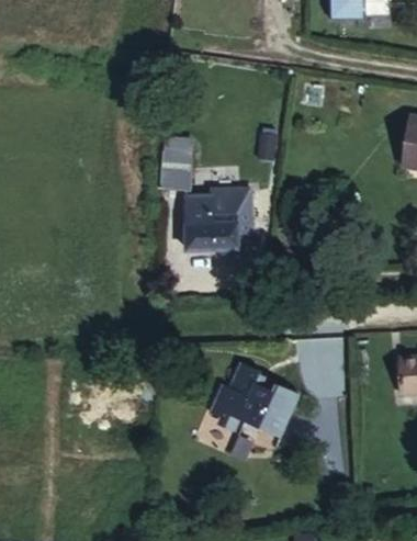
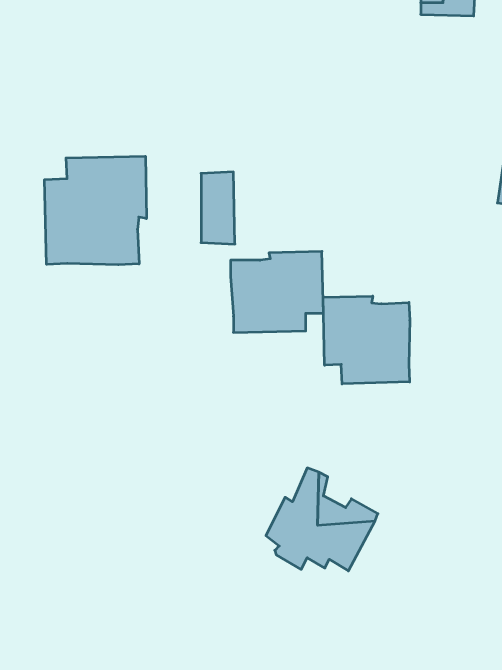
building: none -> [45,156,146,265]
building: none -> [323,296,410,384]

